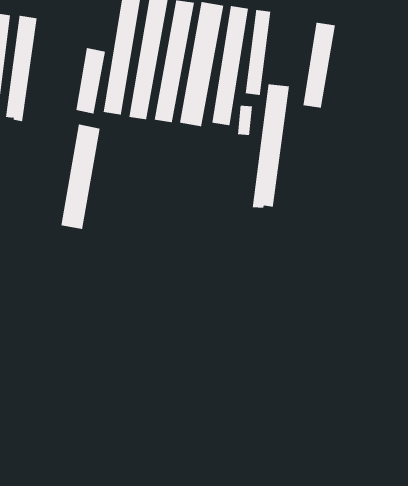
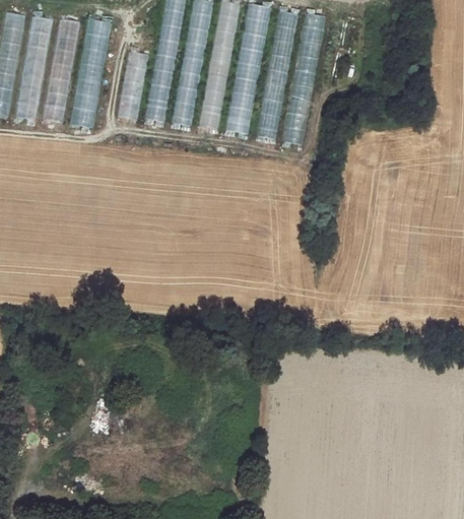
building: [303,22,335,109] -> none
building: [252,83,289,208] -> none
building: [60,124,101,229] -> [69,18,111,128]

